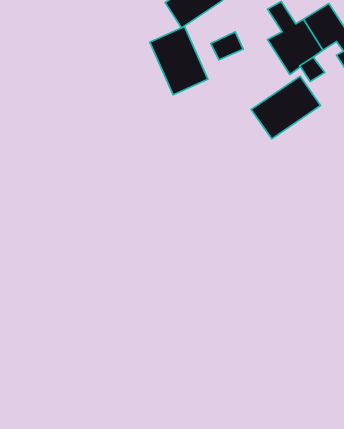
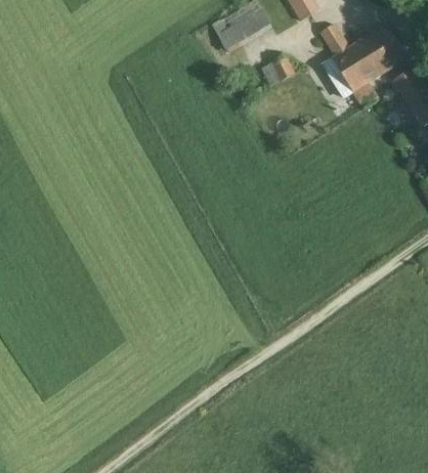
building: [150,26,208,95] -> none
building: [251,76,321,139] -> none

